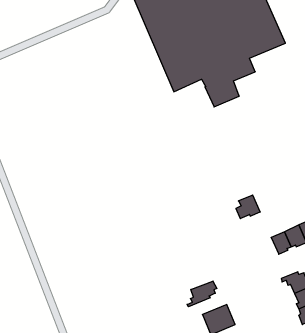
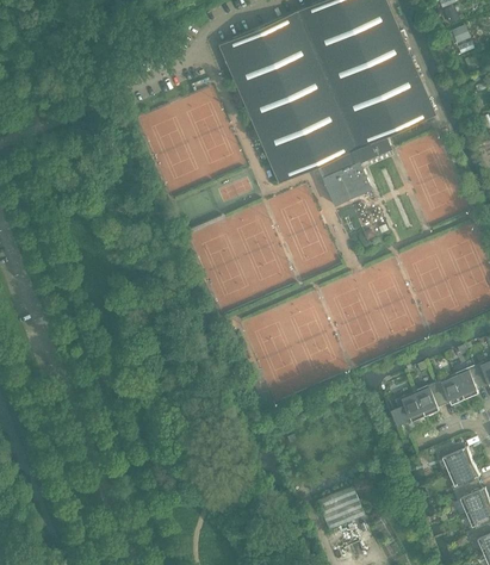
building: [236,195,260,219] -> [392,392,427,426]
building: [187,281,217,307] -> none

